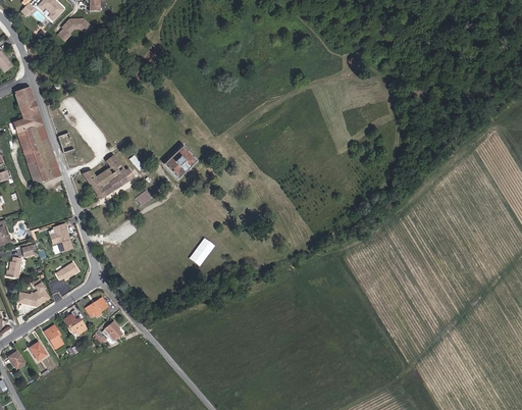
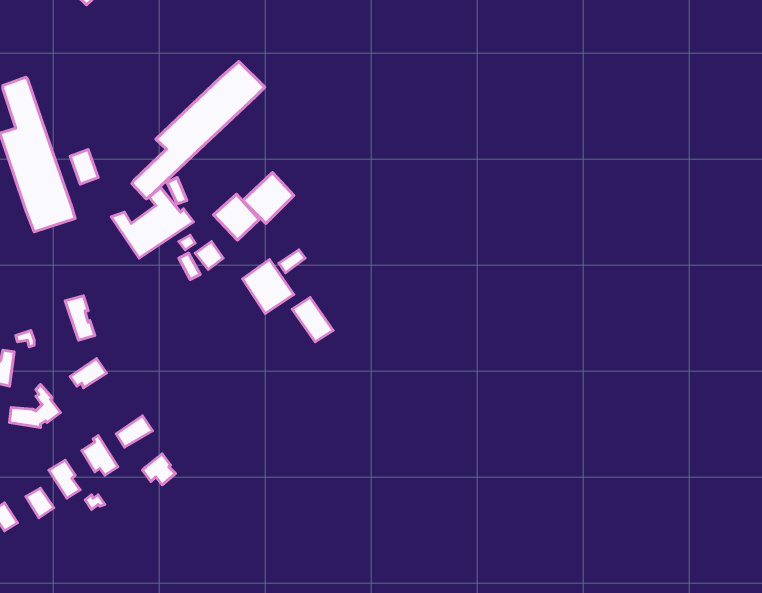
building: none -> [132,61,265,199]
building: none -> [214,194,259,240]
building: none -> [242,260,294,313]

